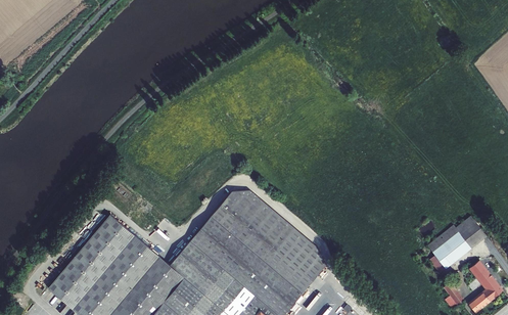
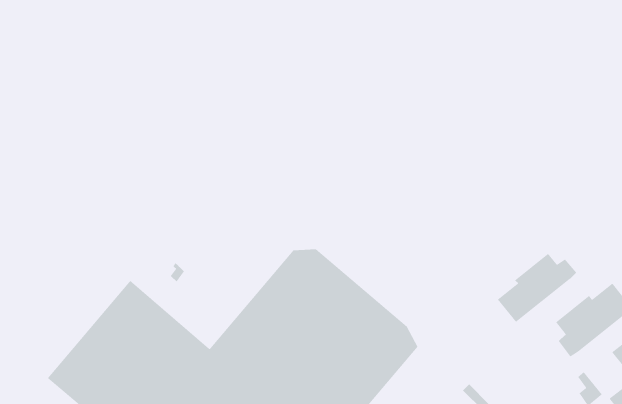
building: none -> [497,253,577,323]

